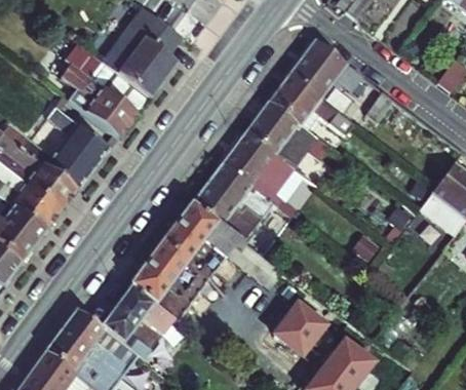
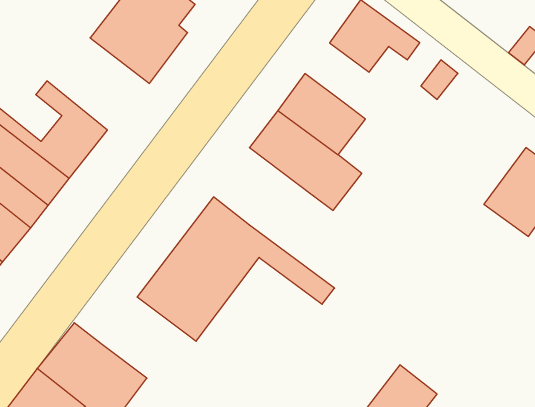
building: [57,64,140,142] -> none
building: [269,75,347,127] -> none
building: [193,162,276,227] -> none
building: [100,286,170,357] -> none
building: [279,308,331,359] -> none

